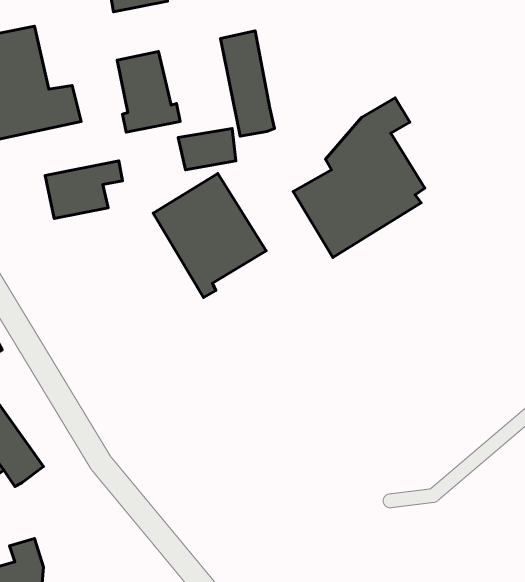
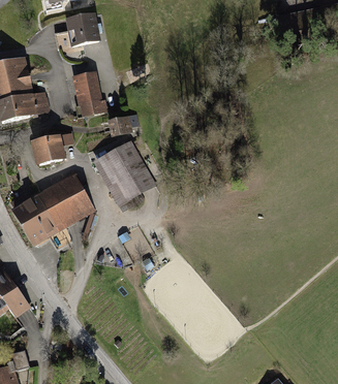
building: [221,31,275,136] -> none
building: [293,98,425,258] -> none
building: none -> [10,172,96,247]

